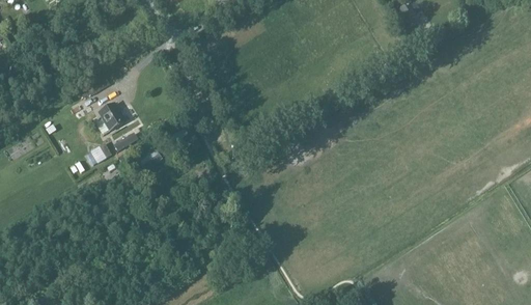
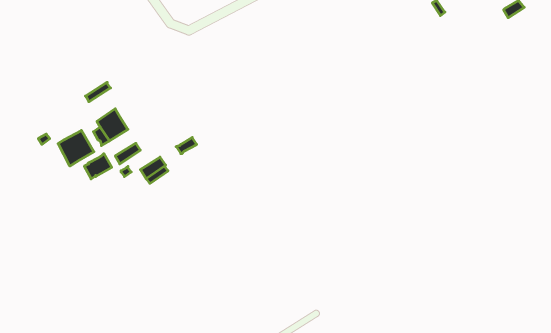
building: none -> [58,130,94,166]

